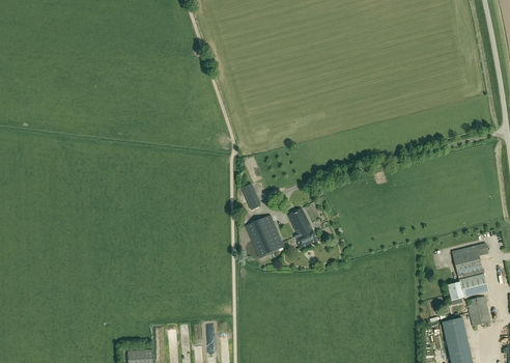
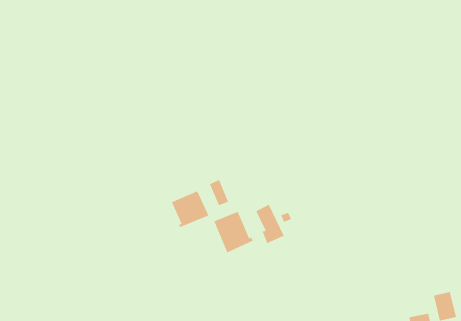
building: none -> [171,190,209,228]
building: [447,243,488,300] -> none

